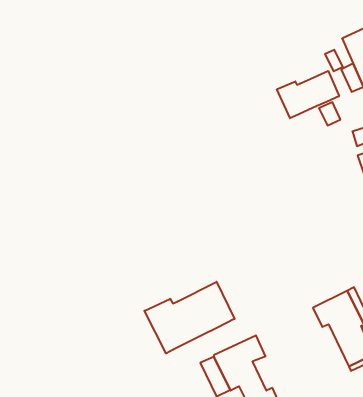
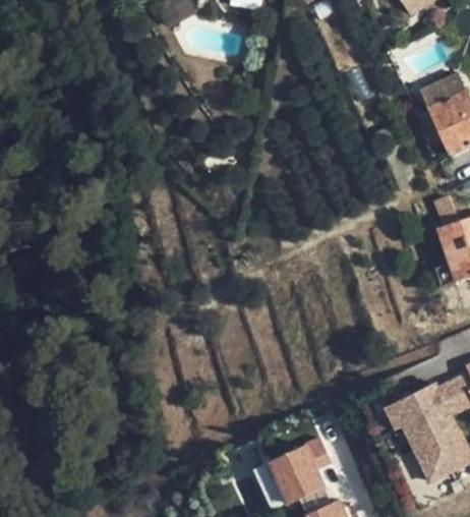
building: [277,71,339,118] -> none
building: [144,282,235,353] -> none

